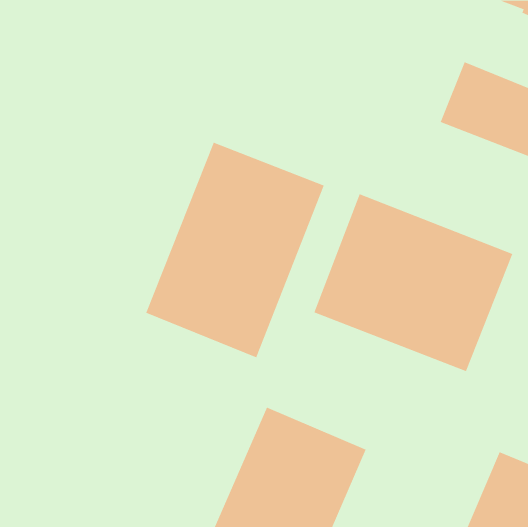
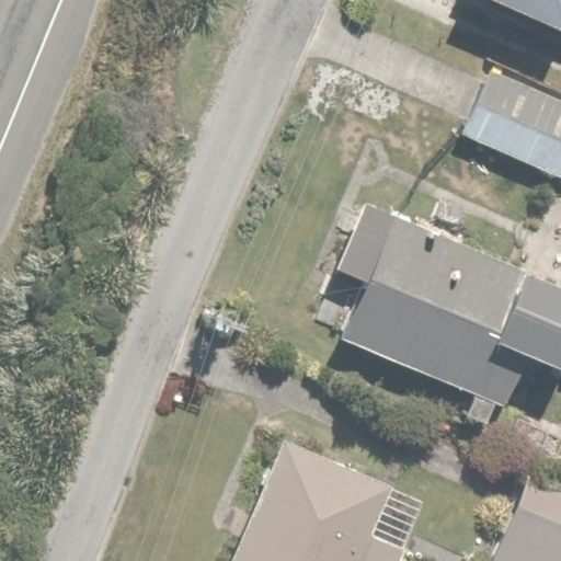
building: [146,142,325,358] -> none

